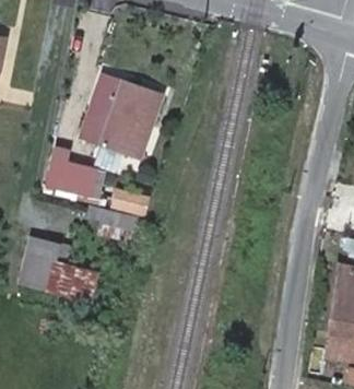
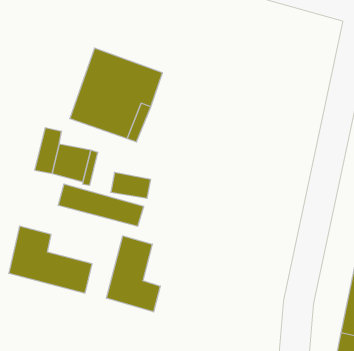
building: none -> [106,236,160,312]

